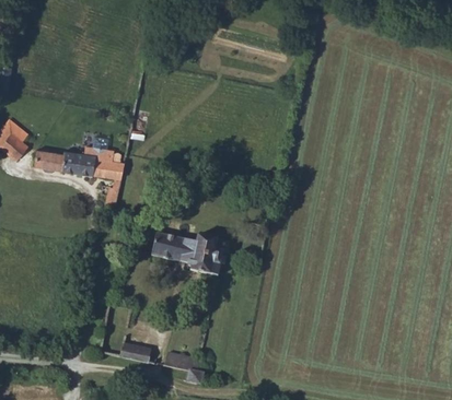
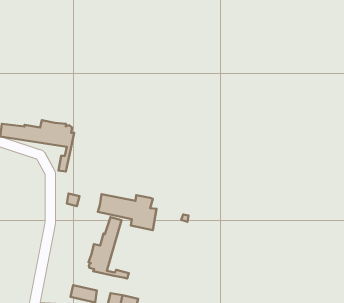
building: none -> [89,217,129,279]

